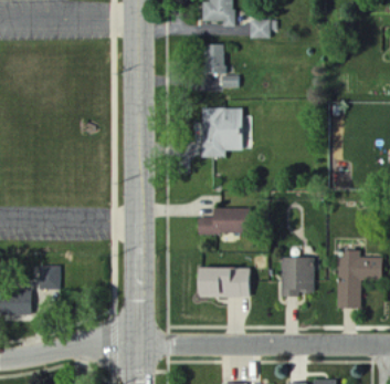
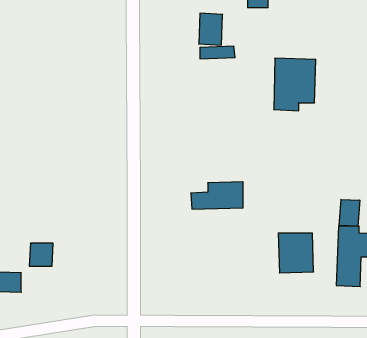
building: [201,106,242,157] -> [274,58,316,111]
building: none -> [339,199,360,226]
building: [193,267,250,297] -> none

